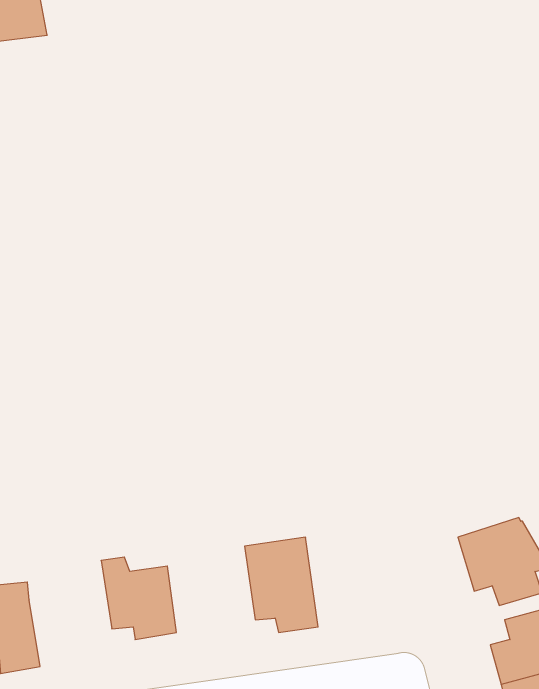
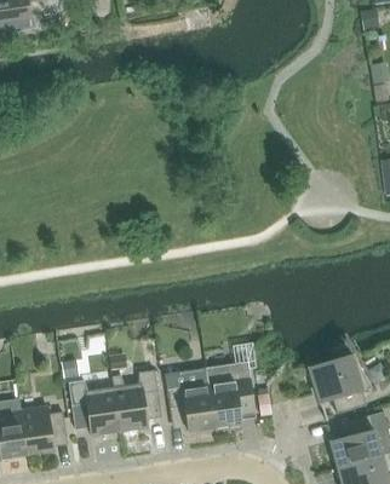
building: none -> [207,361,256,427]
building: none -> [113,369,162,431]
building: none -> [21,405,68,454]

